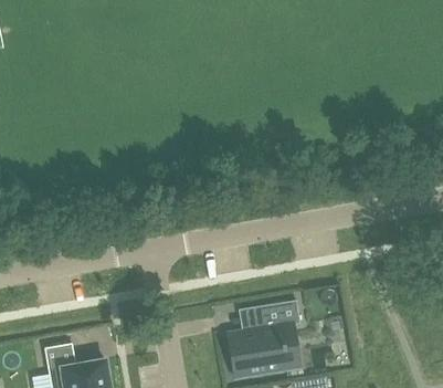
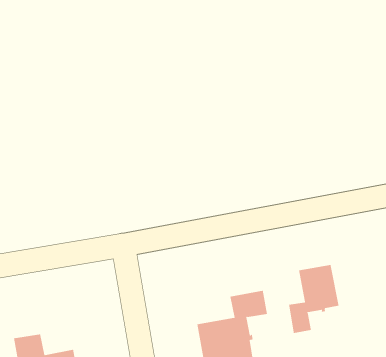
building: none -> [289,264,339,334]

